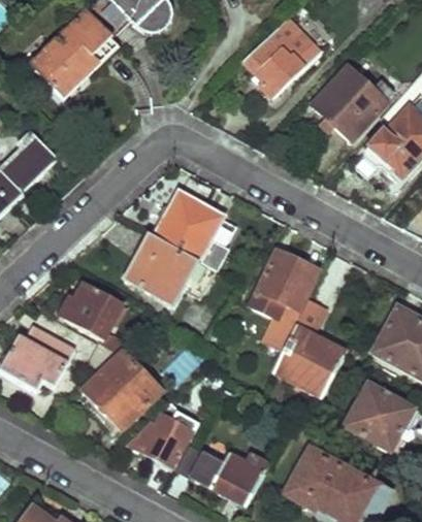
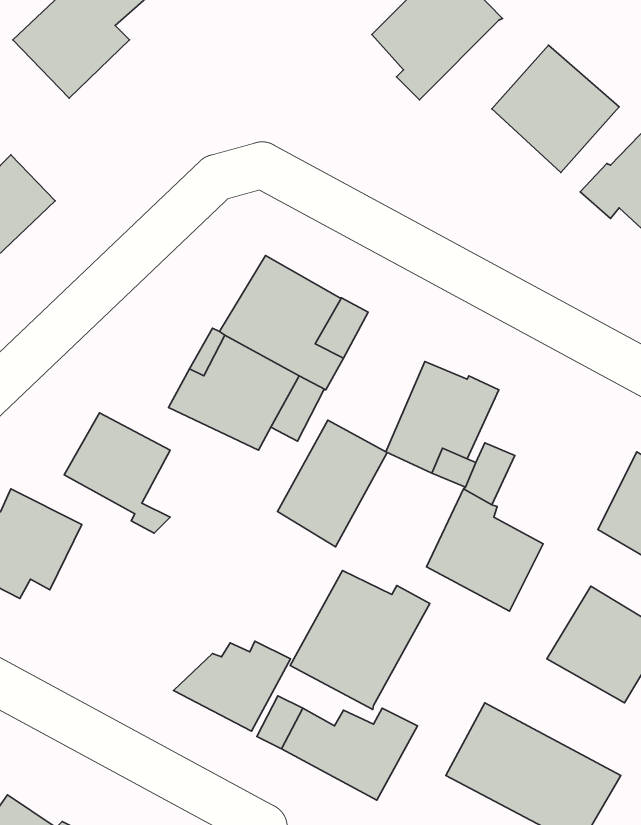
building: none -> [278,420,387,547]
building: [79,353,157,429] -> none
building: none -> [290,570,430,710]

